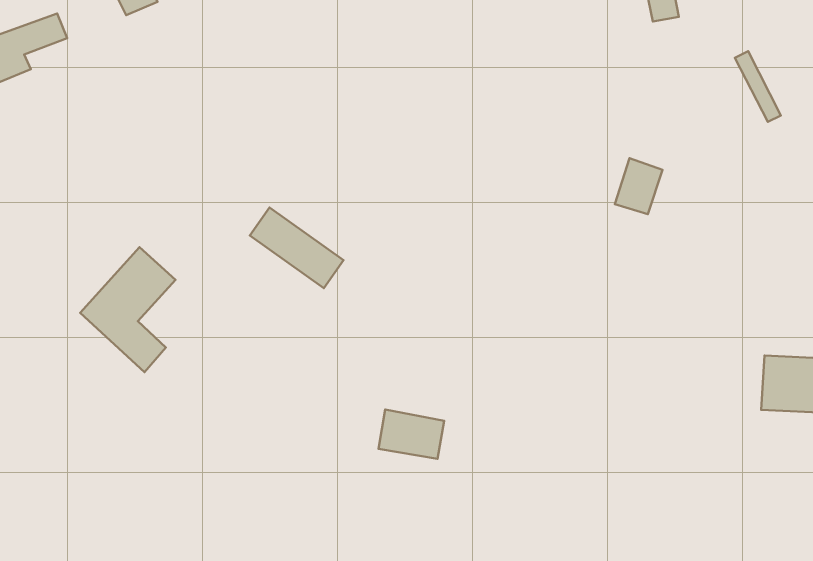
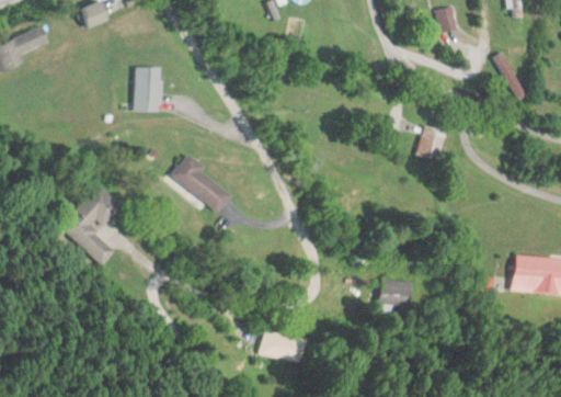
building: none -> [136,66,161,111]
building: none -> [375,279,408,313]
building: [378,409,444,459] -> [260,329,304,362]

